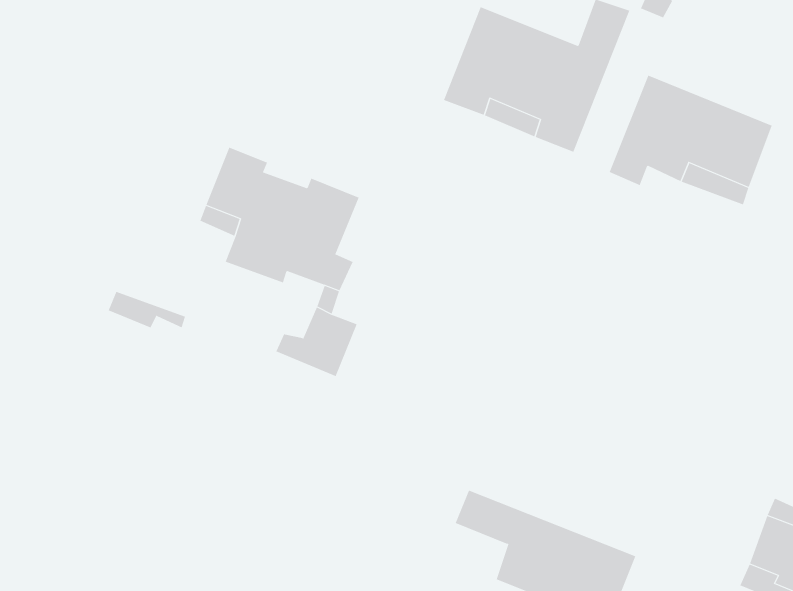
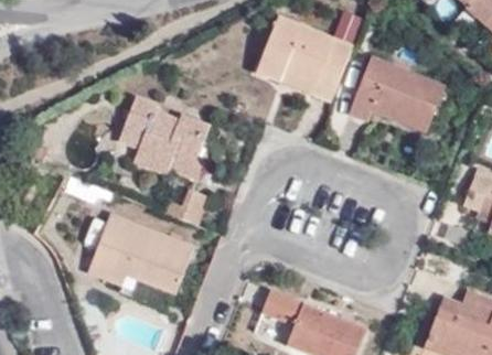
building: none -> [88,215,192,290]

